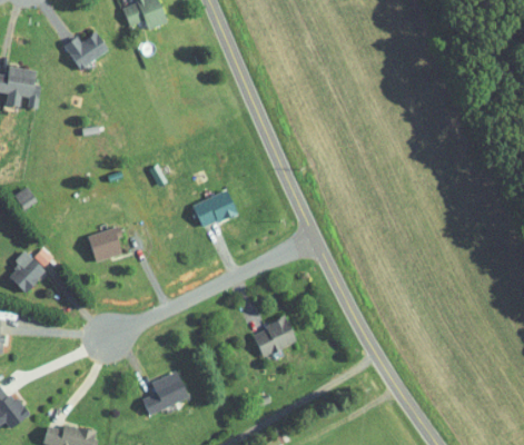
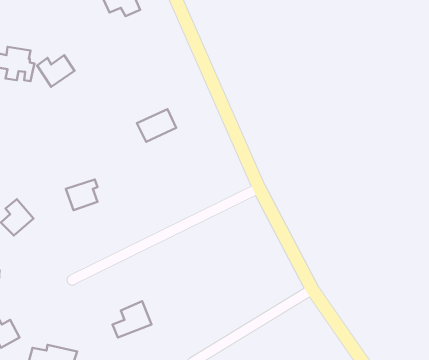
building: [69,33,113,71] -> [37,55,74,87]
building: [189,189,236,228] -> [137,109,176,142]
building: [249,318,294,357] -> none

